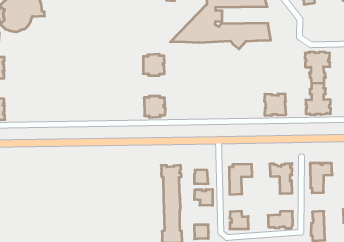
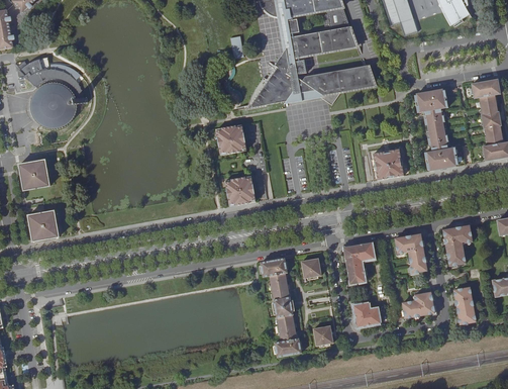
building: [194,189,212,206] -> none

